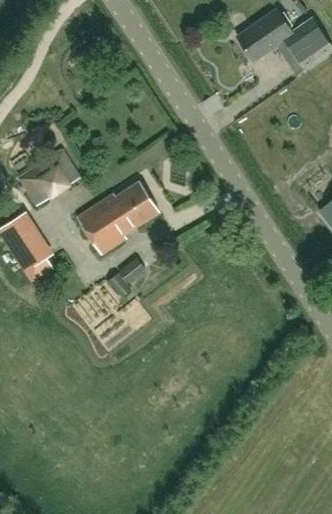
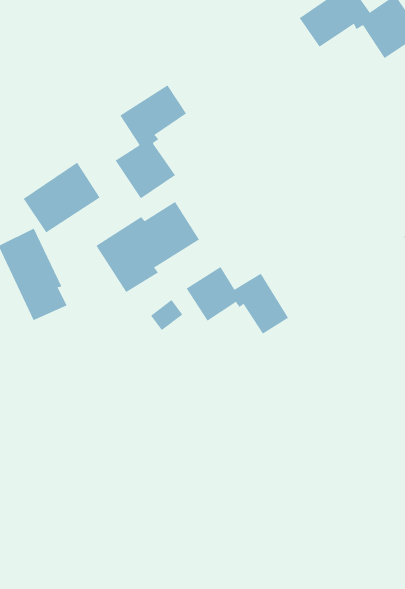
building: none -> [115,84,187,199]
building: none -> [186,266,289,335]

